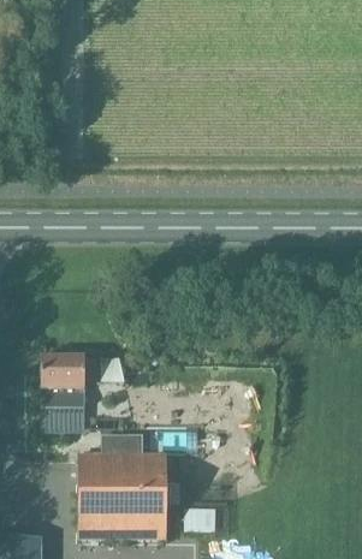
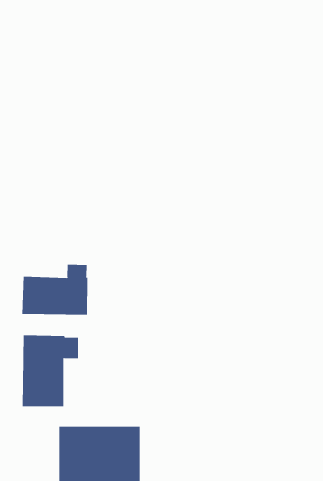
building: none -> [22,264,88,315]

